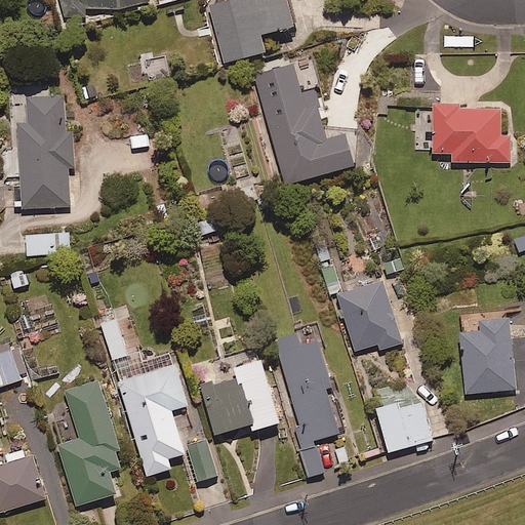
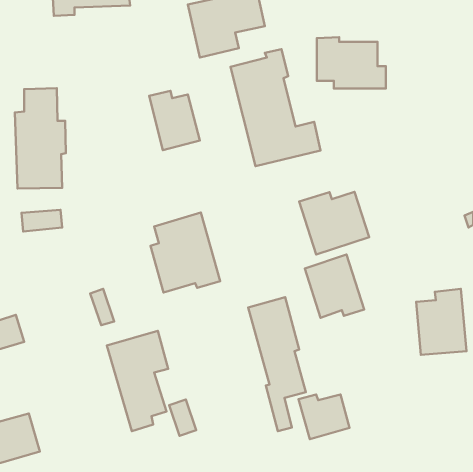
building: none -> [149,91,200,150]
building: [434,105,510,161] -> [317,37,386,88]
building: none -> [299,192,369,255]
building: [201,348,278,436] -> [151,212,220,292]
building: [58,382,123,506] -> none
building: [375,403,432,452] -> [299,394,350,439]

